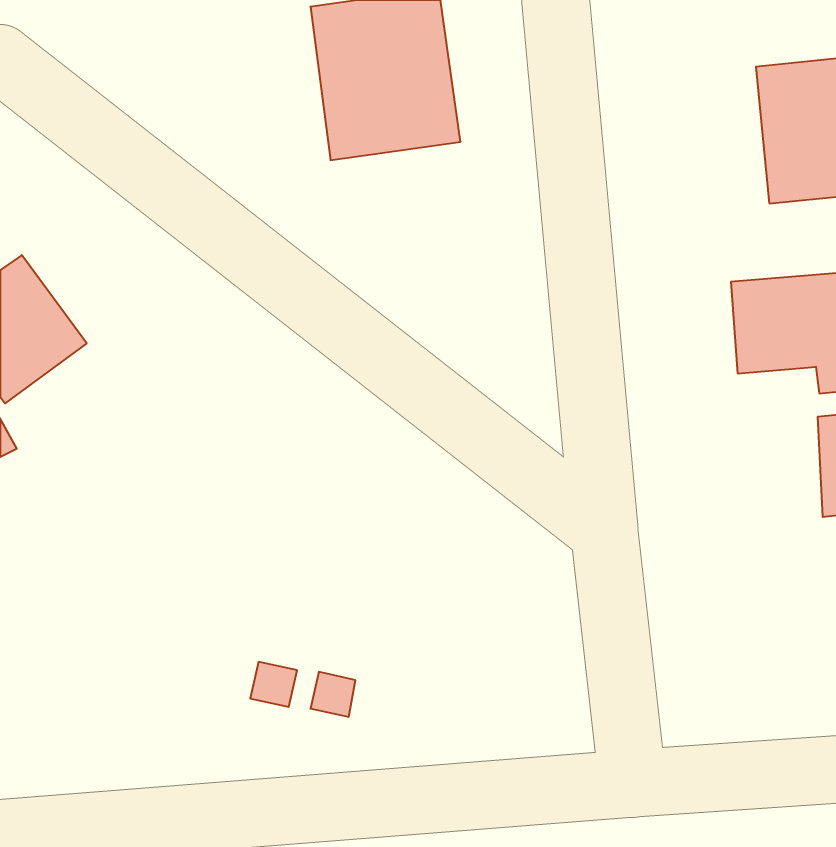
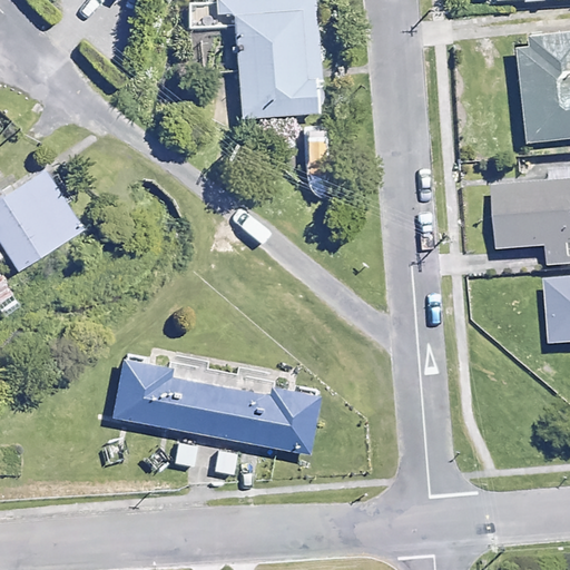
building: none -> [114,361,325,451]

